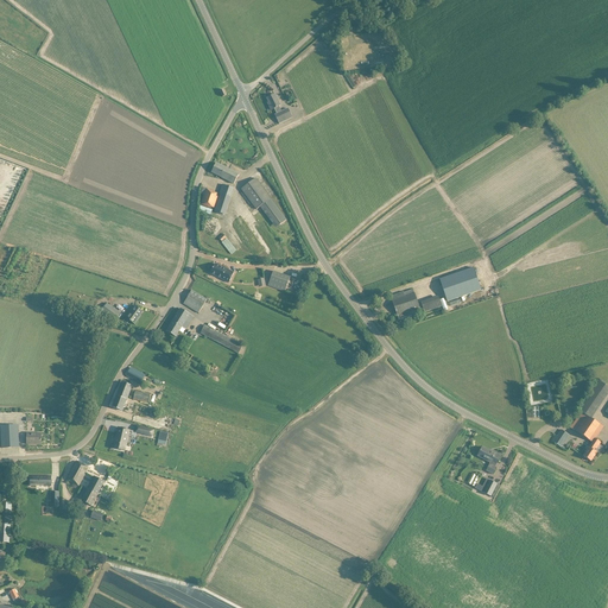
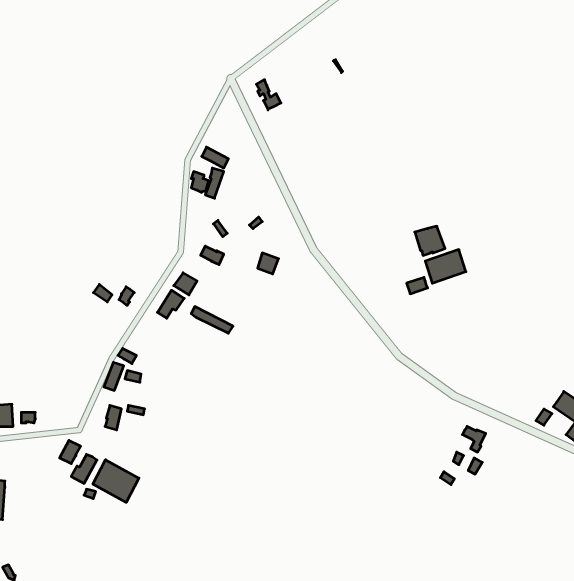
building: [241,177,286,227] -> none
building: [391,289,422,318] -> [415,226,445,255]
building: none -> [93,460,139,502]

